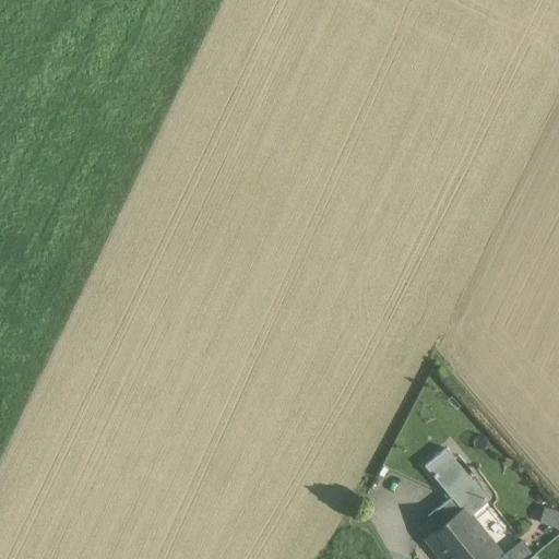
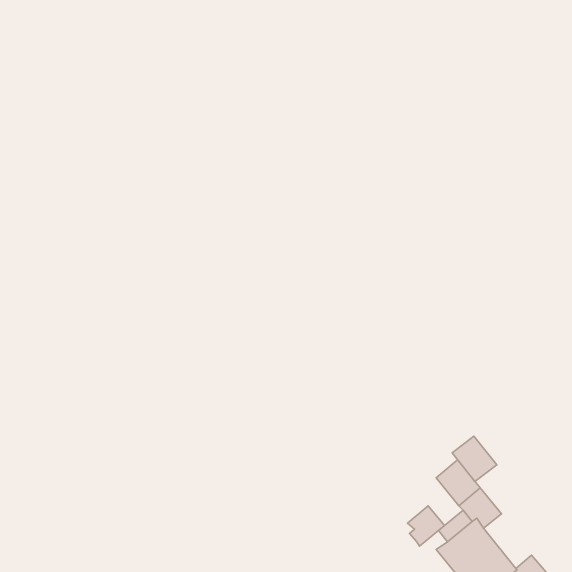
building: none -> [452,436,497,481]
building: none -> [407,506,445,546]

